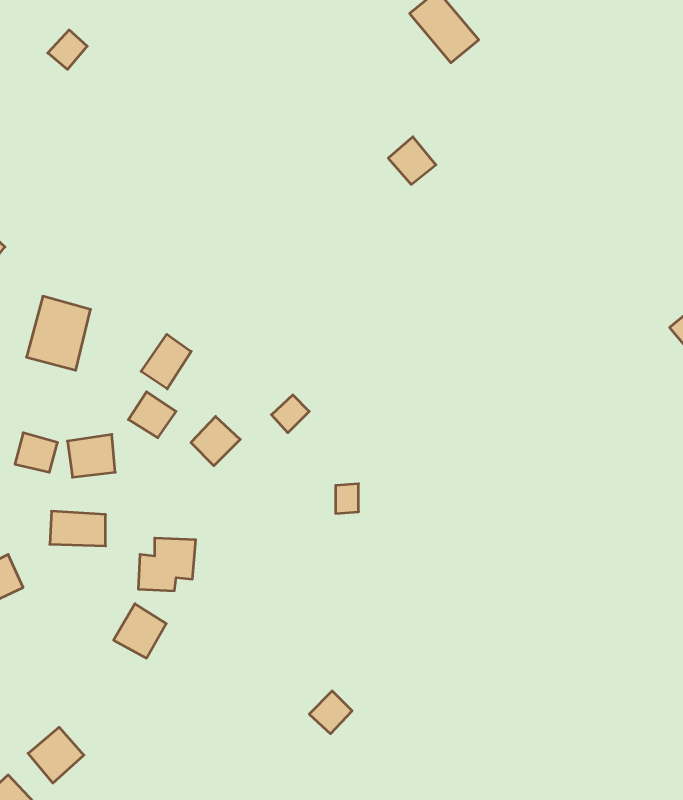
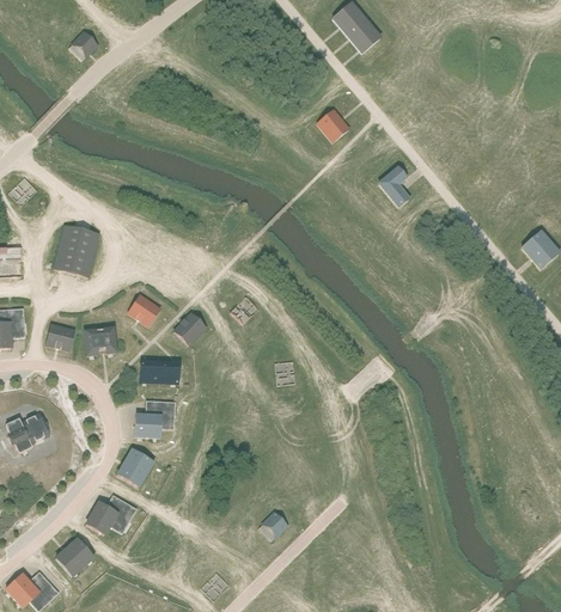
building: none -> [377,165,410,208]
building: [141,334,191,389] -> none
building: [50,511,106,546] -> [139,359,179,384]
building: none -> [85,494,138,534]

